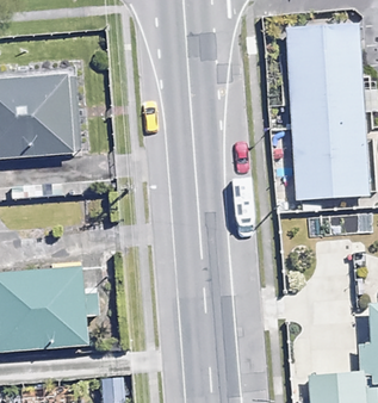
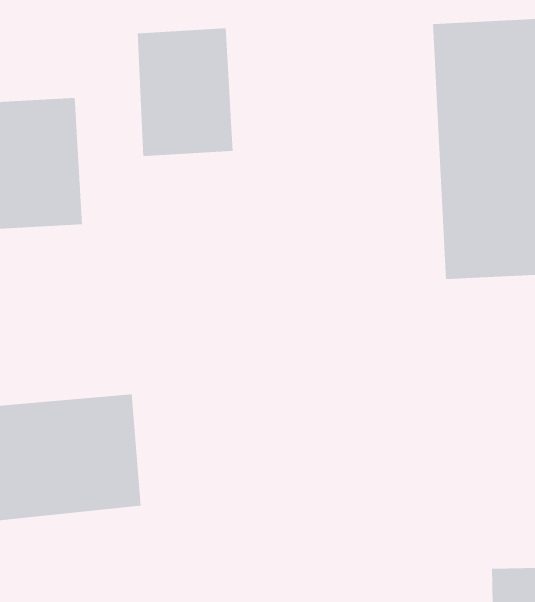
building: none -> [137,28,233,157]

